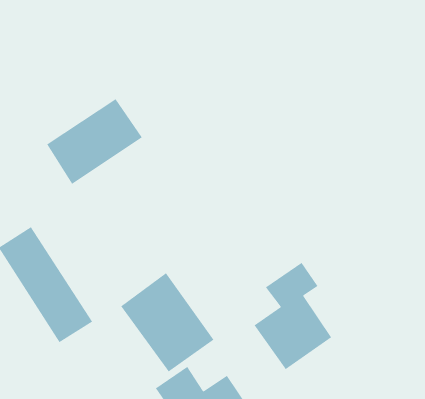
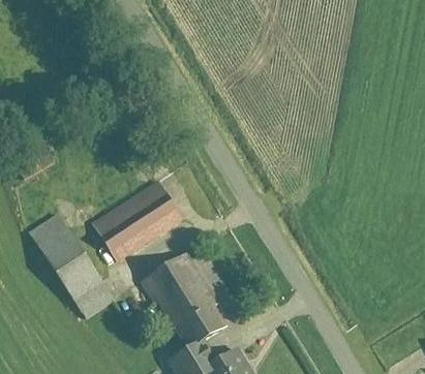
building: [46,98,143,185] -> [93,179,182,258]
building: [253,262,332,370] -> none

